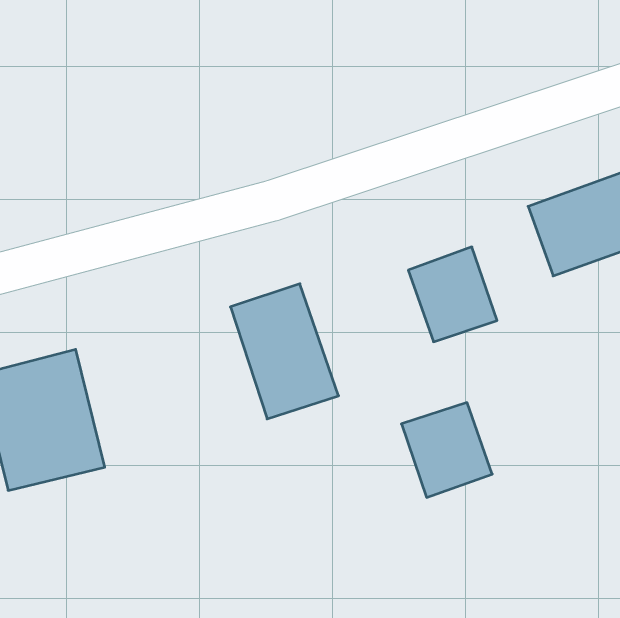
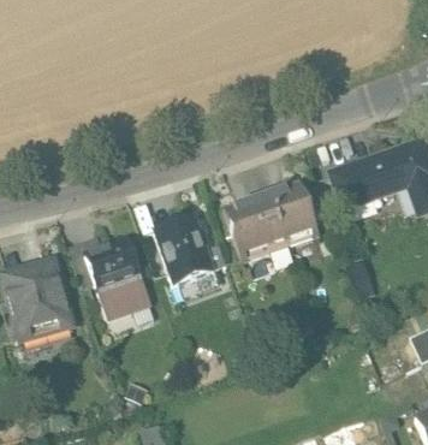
building: none -> [90,254,151,321]
building: [401,403,492,497] -> [221,201,278,260]

